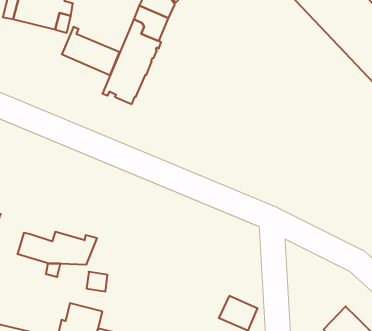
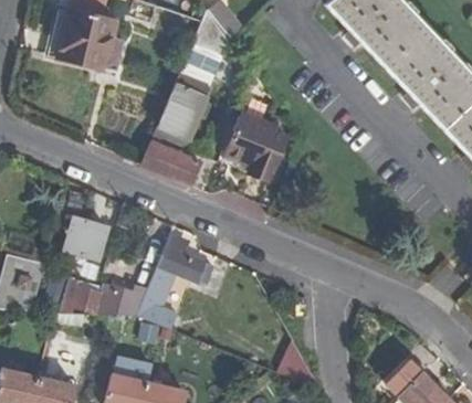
building: [62,27,120,75] -> [140,135,201,185]
building: none -> [224,113,284,176]
building: none -> [63,215,106,259]
building: none -> [137,231,212,328]

